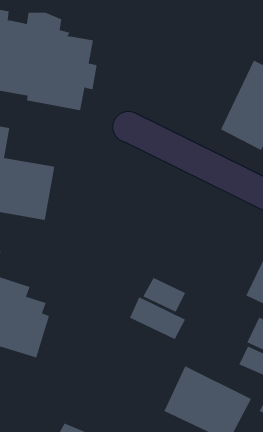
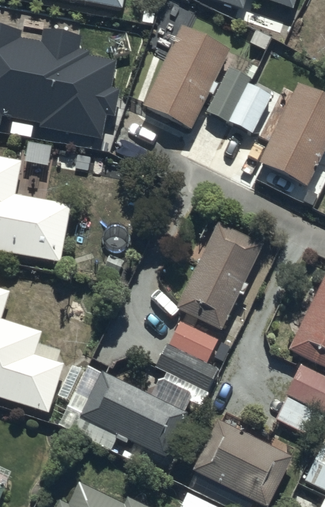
building: none -> [142,22,229,124]
building: none -> [206,63,270,129]
building: none -> [177,228,264,335]
building: none -> [80,373,189,462]

